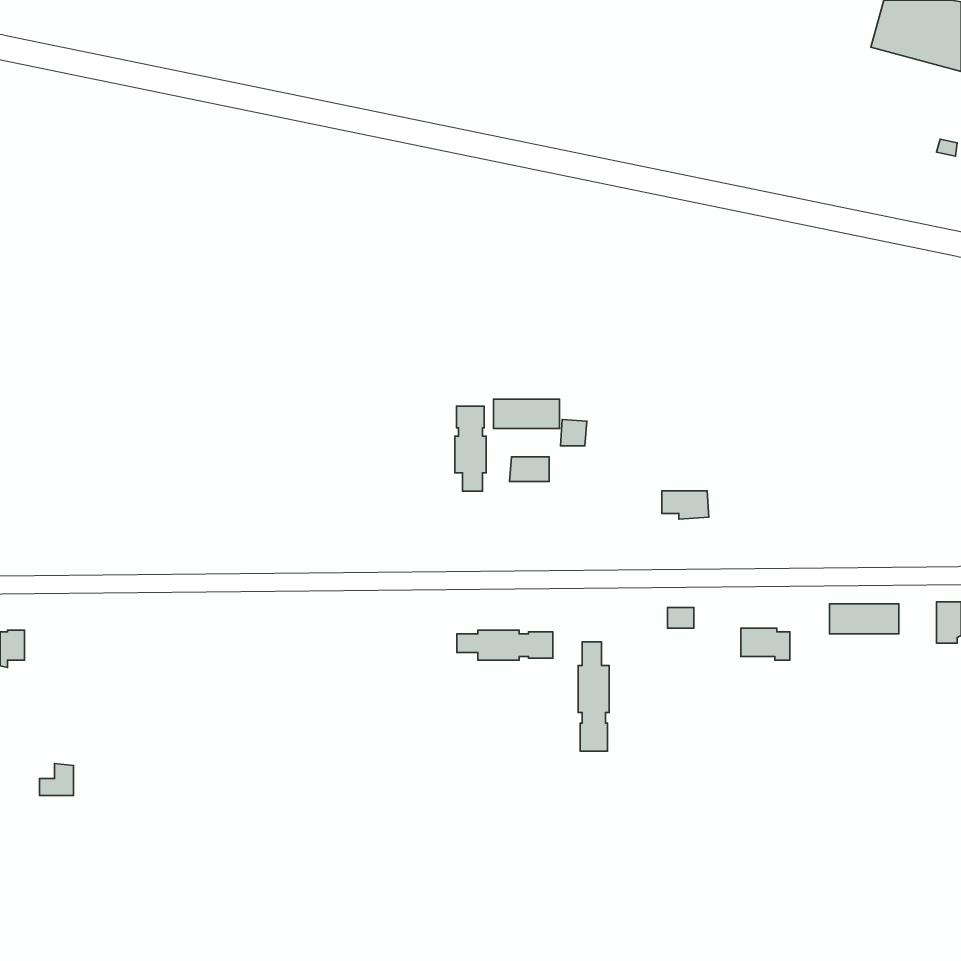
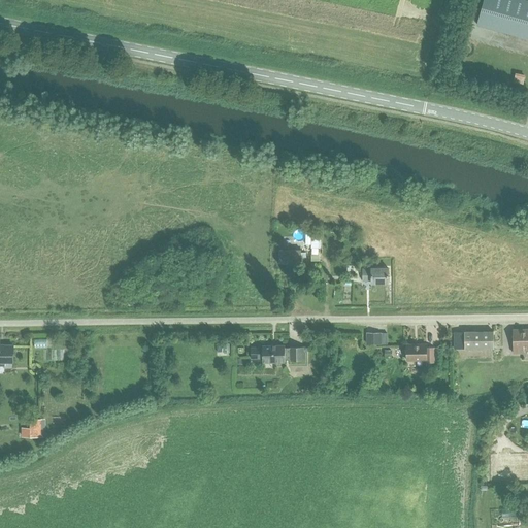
building: [493,399,559,429] -> none
building: [455,406,486,491] -> none
building: [578,642,609,751] -> none

